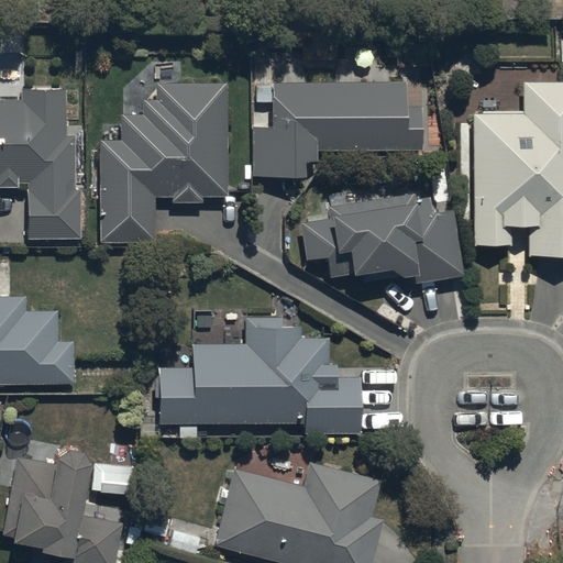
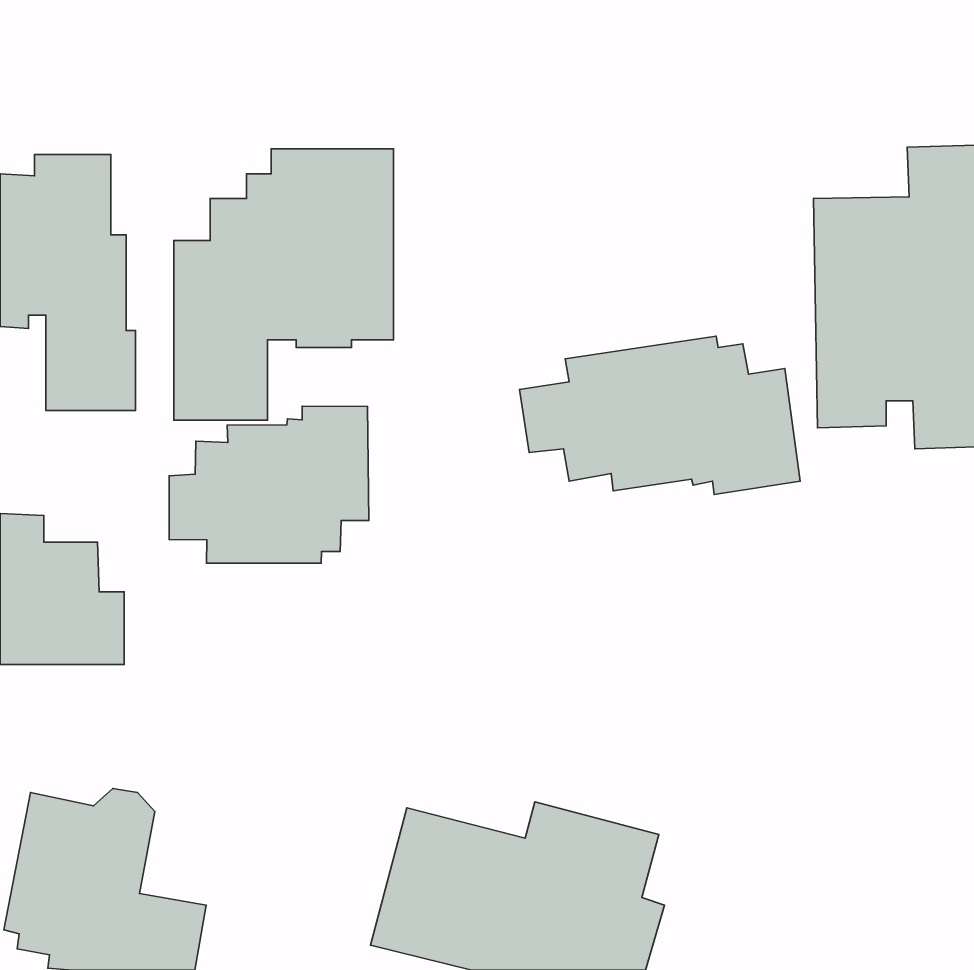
building: [253,82,421,179] -> none
building: none -> [169,406,369,563]
building: [157,319,360,437] -> none

